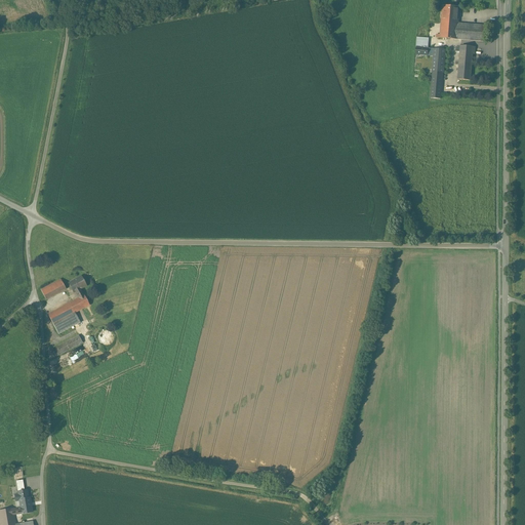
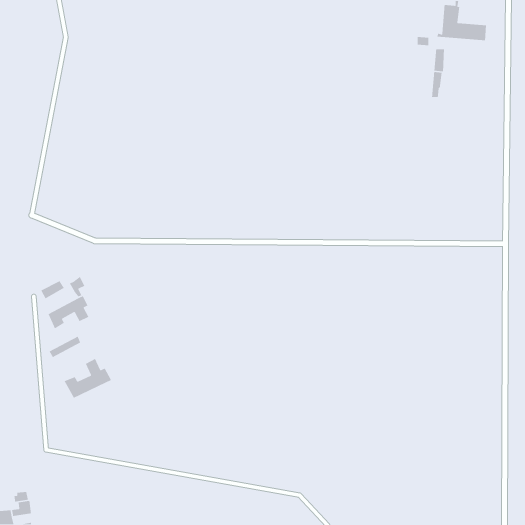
building: [456,45,474,79] -> none
building: none -> [63,358,112,399]

